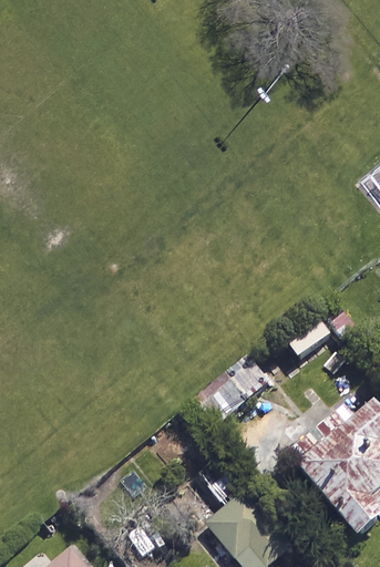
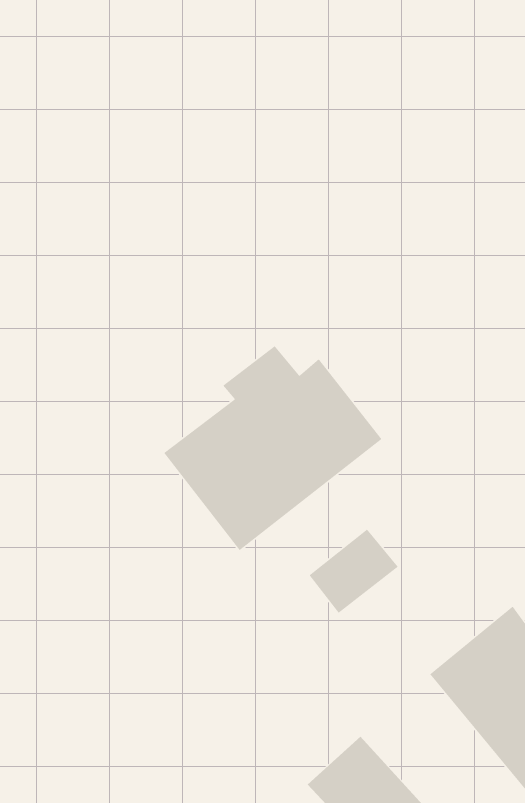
building: none -> [163,345,383,551]

